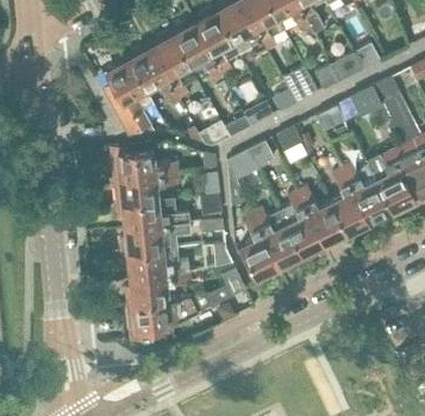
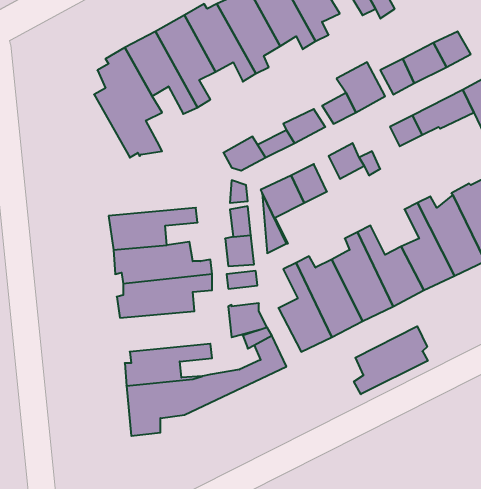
building: [113,144,180,179] -> none
building: [124,250,190,279] -> none
building: none -> [354,326,428,394]

